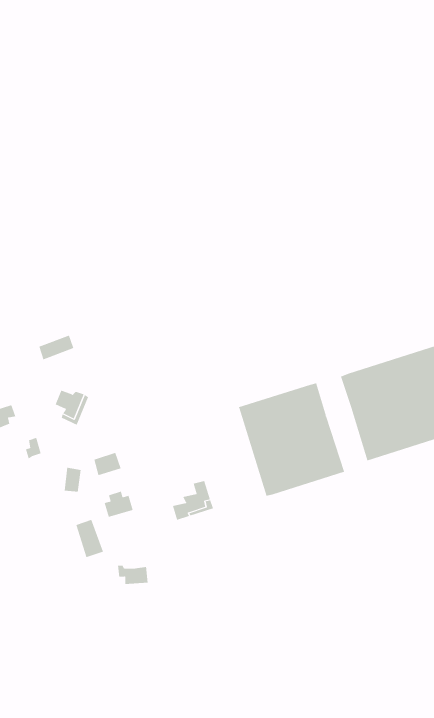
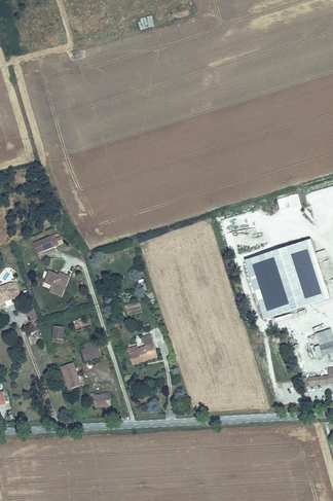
building: [238,383,345,496] -> none

